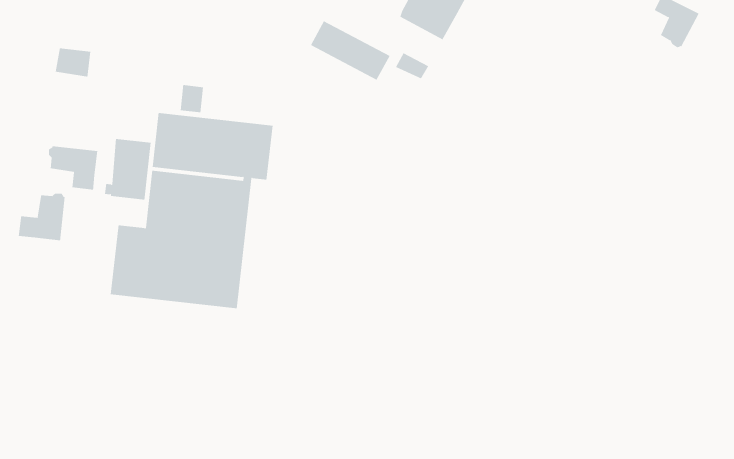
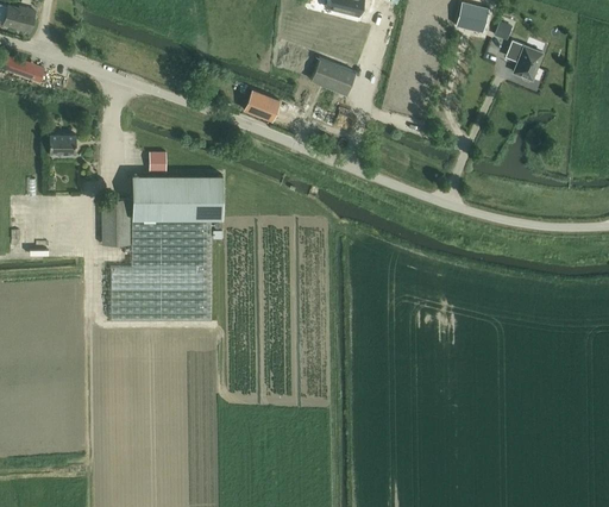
building: [48,146,98,191] -> none
building: [18,193,65,241] -> none

